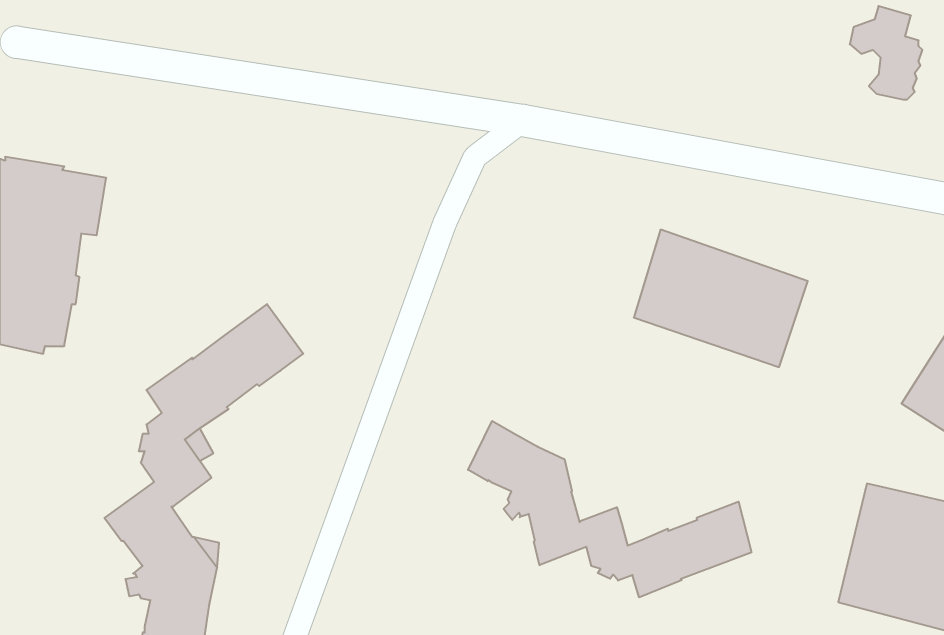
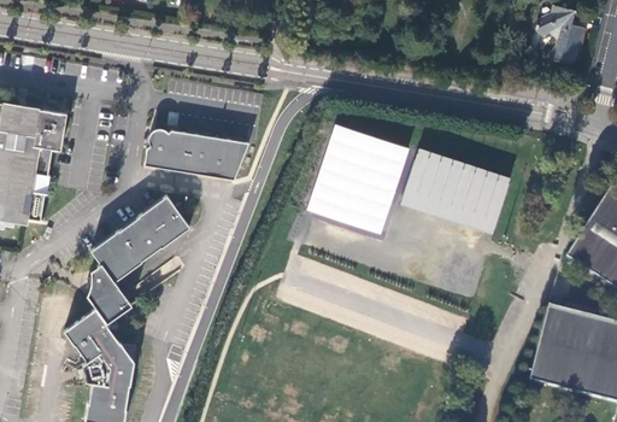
building: none -> [307,123,409,233]
building: none -> [146,129,251,180]
building: [468,421,751,597] -> none

